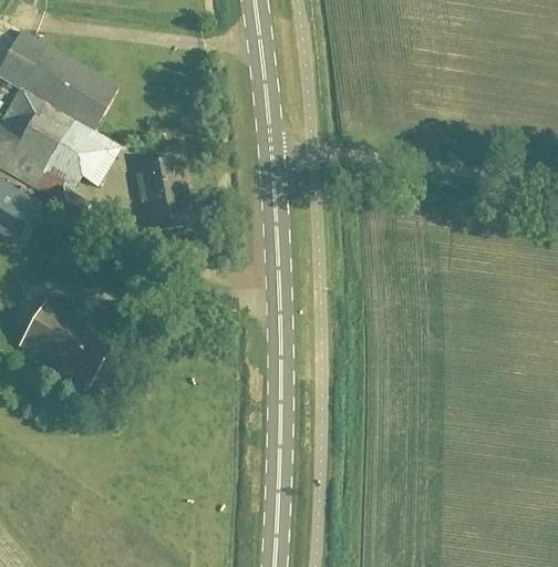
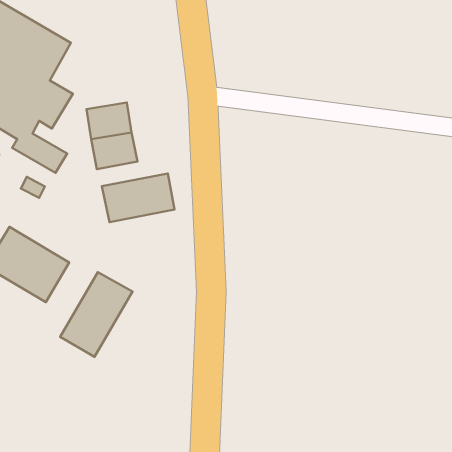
building: none -> [102,173,175,222]
building: none -> [60,272,133,357]

